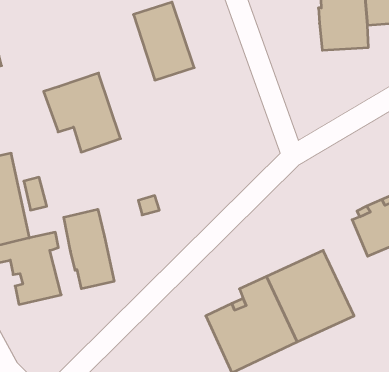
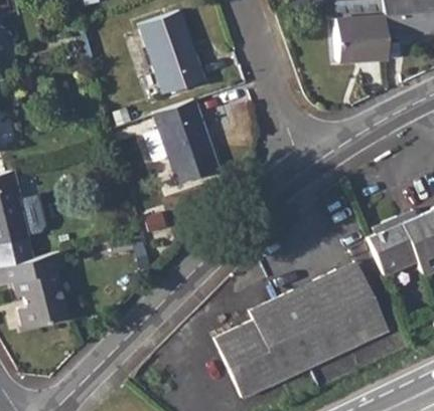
building: [44,73,121,152] -> [139,99,220,182]
building: [64,209,114,289] -> none
building: none -> [339,261,391,339]

